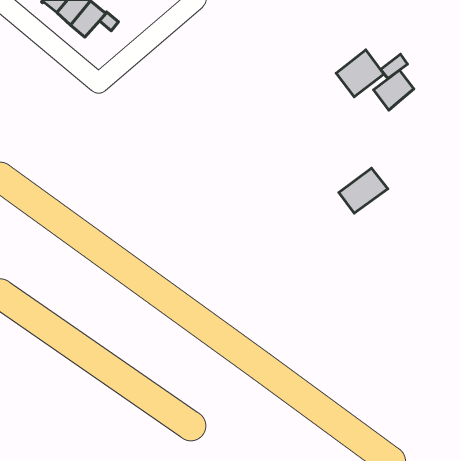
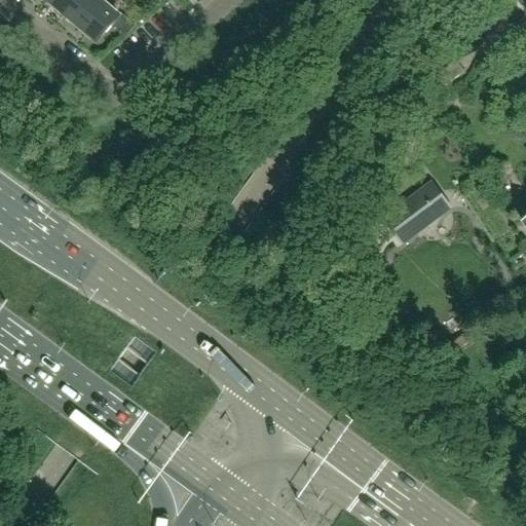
building: [336,50,384,97] -> none
building: [373,70,414,110] -> none

